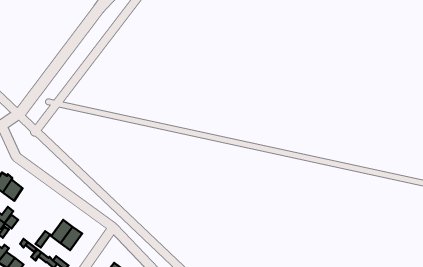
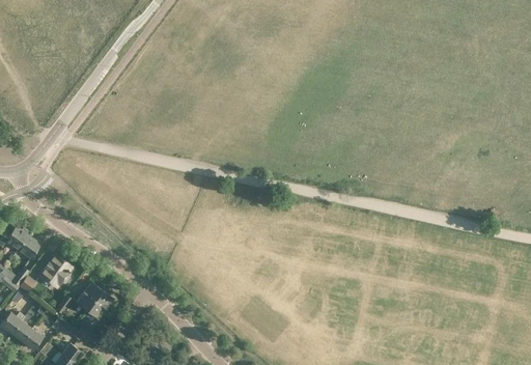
building: none -> [38,255,69,287]

